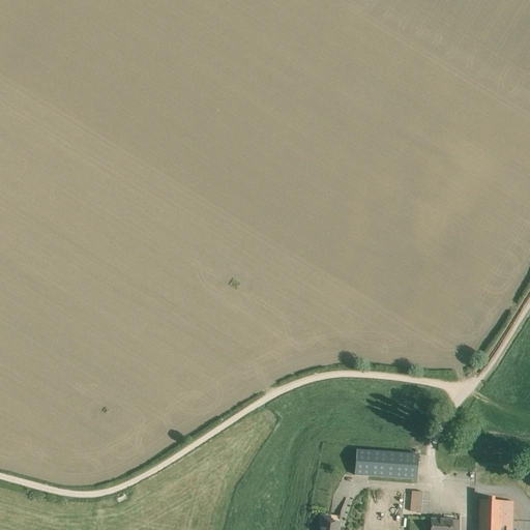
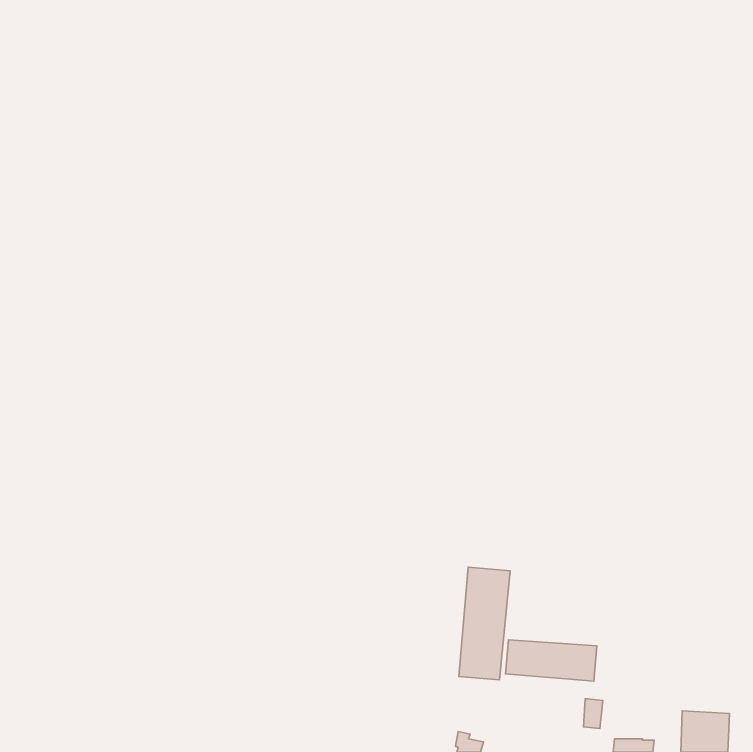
building: none -> [459,567,510,680]

